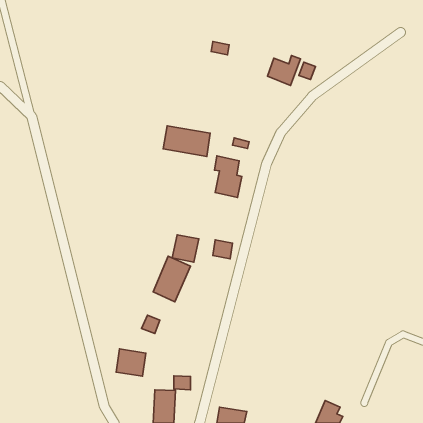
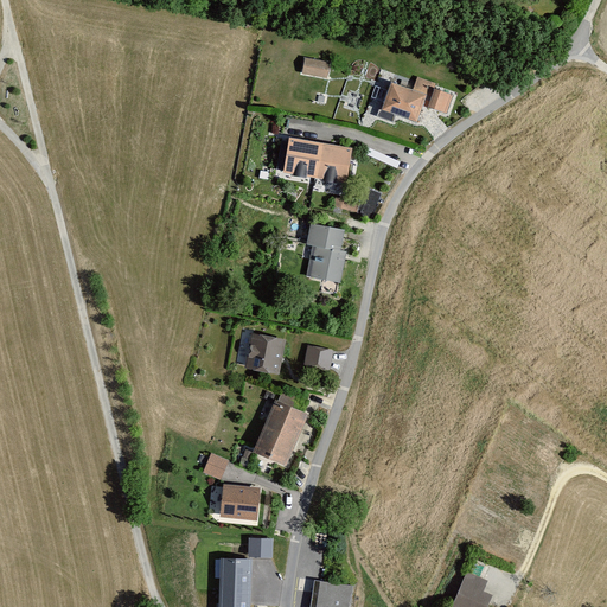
building: [163,126,210,156] -> [283,139,351,183]
building: [153,256,190,302] -> [254,402,307,467]
building: [116,349,146,376] -> [219,480,262,519]

